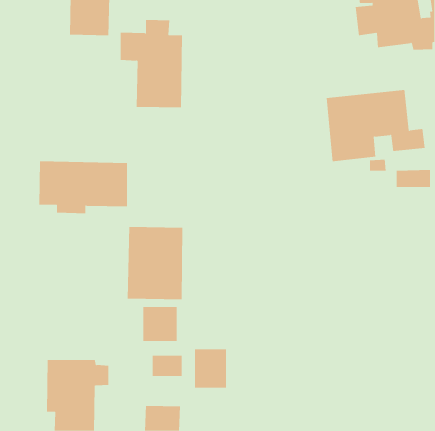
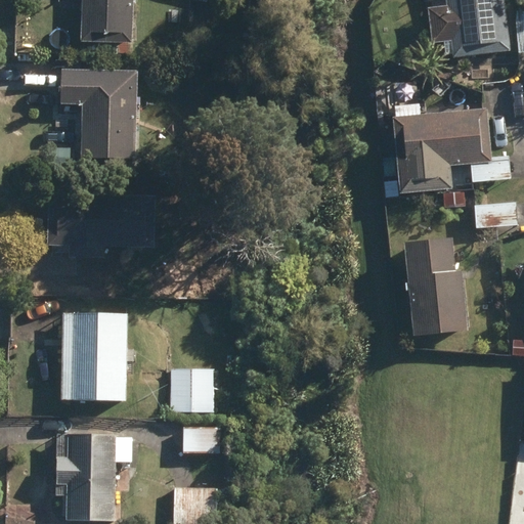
building: [120,19,183,108] -> [60,53,136,160]
building: none -> [404,241,467,337]
building: [127,227,183,300] -> [59,313,127,401]
building: [195,348,227,388] -> none

